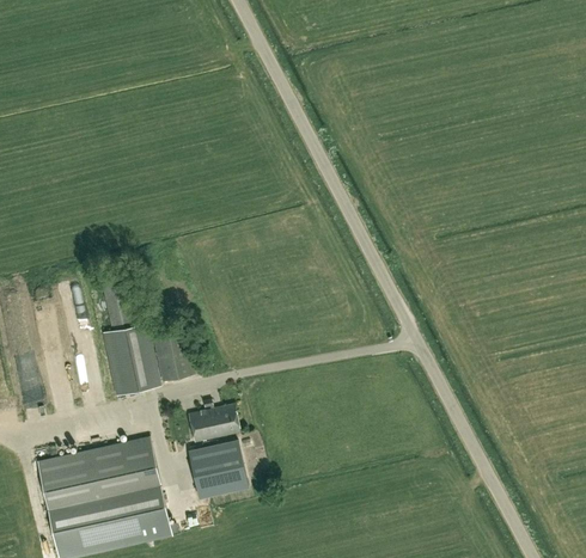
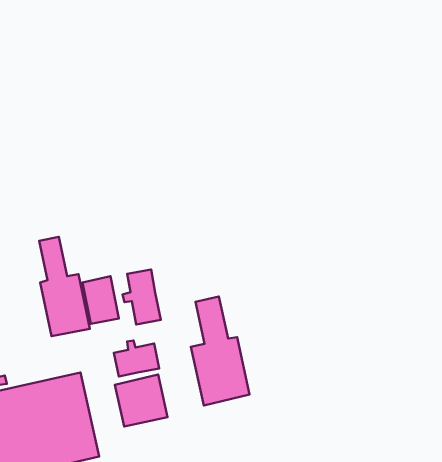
building: none -> [123,270,161,325]
building: none -> [191,297,249,405]

